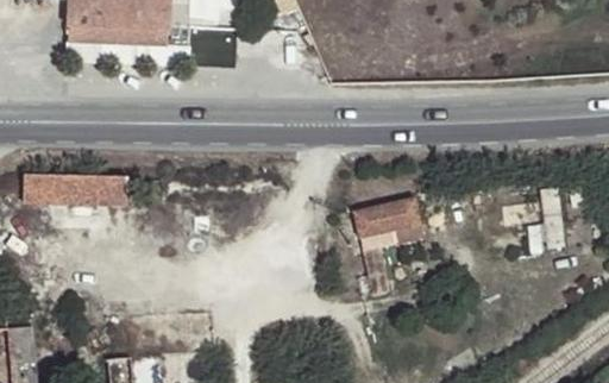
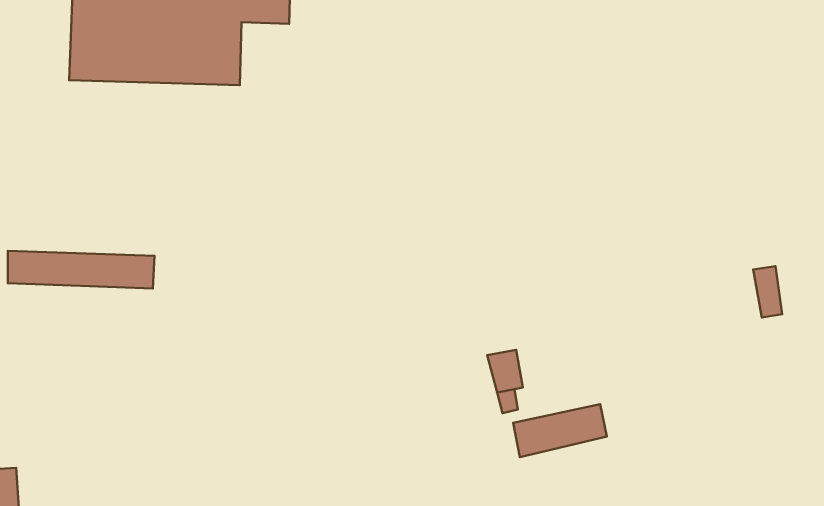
building: [351,199,416,236] -> [513,404,607,457]

